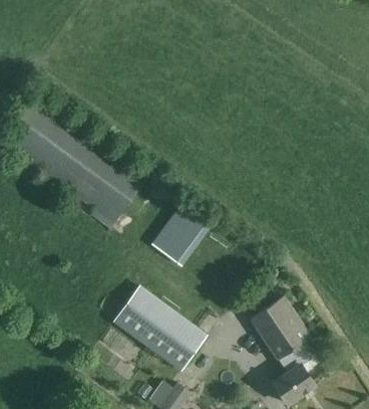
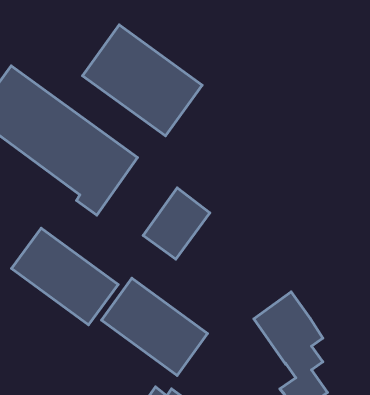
building: none -> [82,25,202,136]
building: none -> [11,228,118,325]

